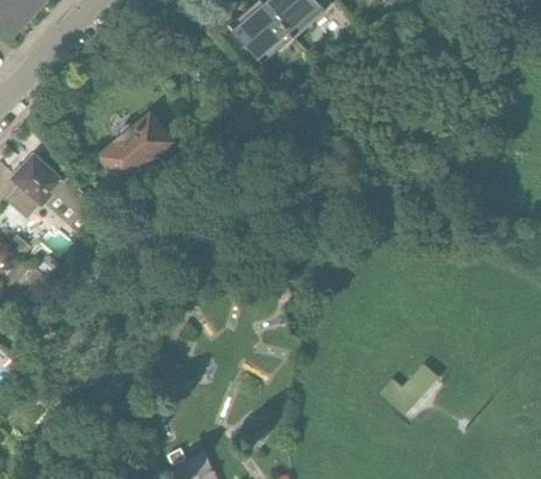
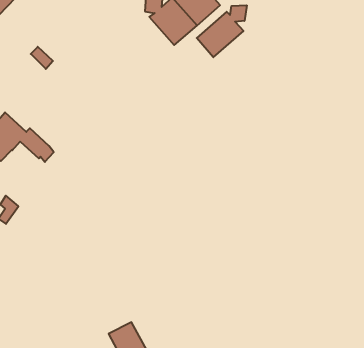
building: none -> [197,5,247,57]
building: [97,113,176,183] -> none

